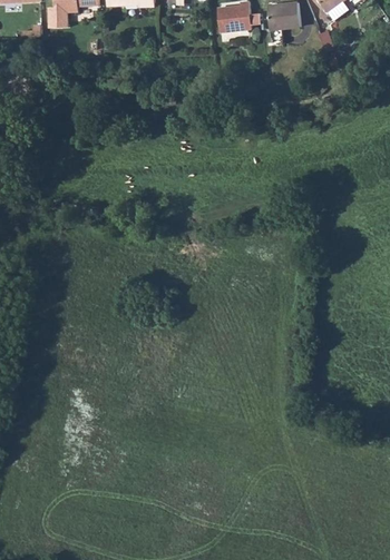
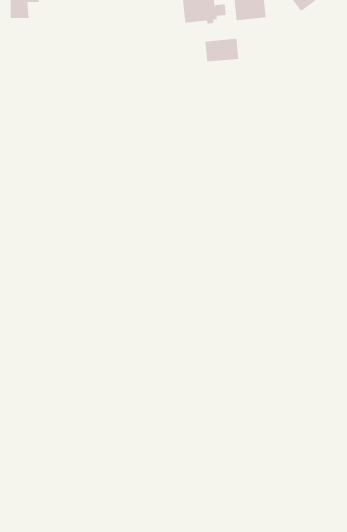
building: none -> [205,38,239,62]

